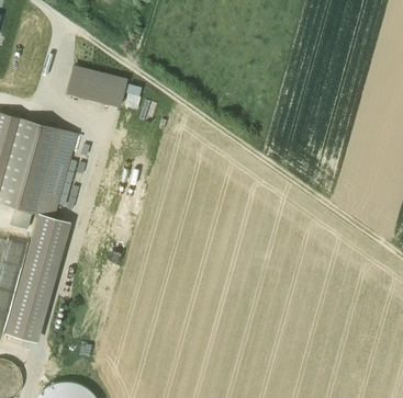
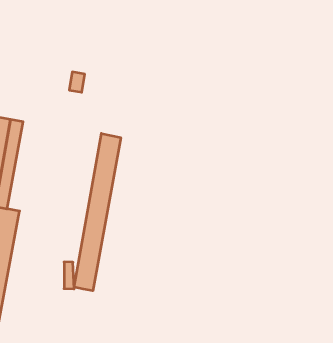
building: [66,67,125,106] -> none
building: none -> [74,133,121,291]

